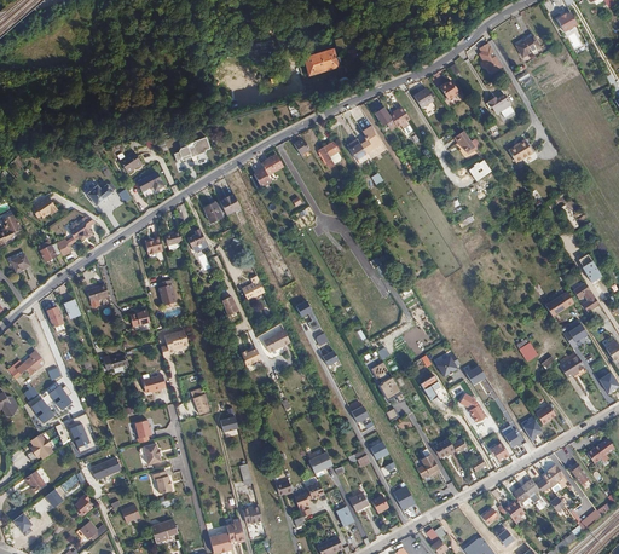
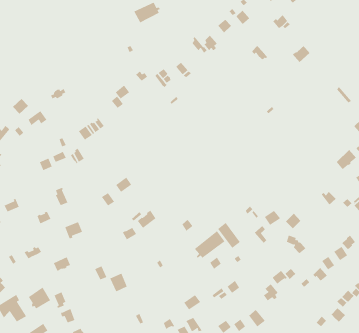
building: none -> [194,230,226,259]
building: none -> [28,287,51,310]

